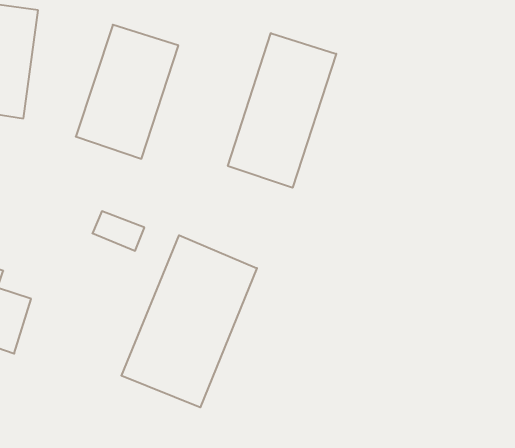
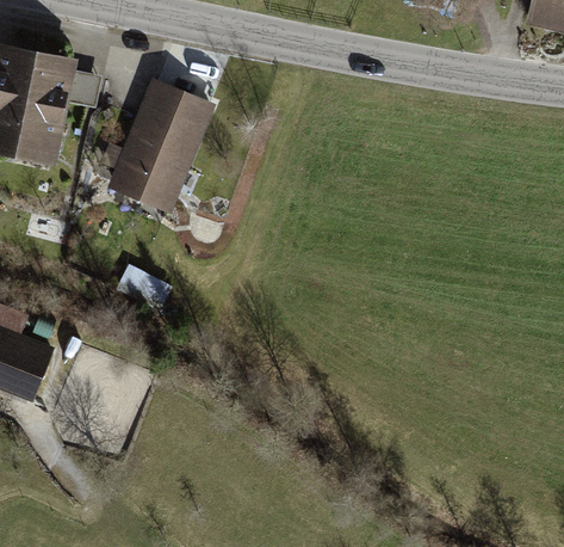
building: [228,33,336,188] -> none
building: [121,235,257,407] -> none

